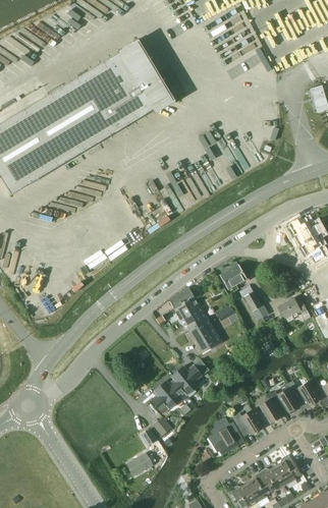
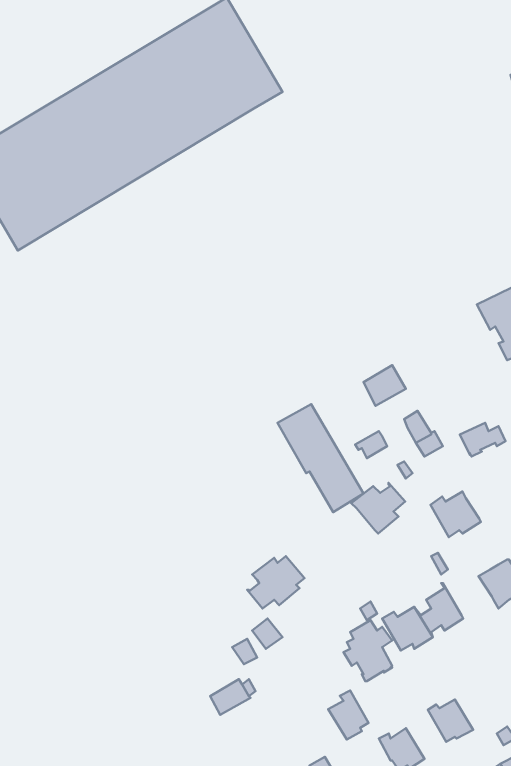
building: [170,363,203,394] -> [351,483,405,533]
building: [268,387,298,414] -> [430,491,481,537]
building: [275,453,299,484] -> none
building: [245,471,270,501] -> [328,691,369,740]

